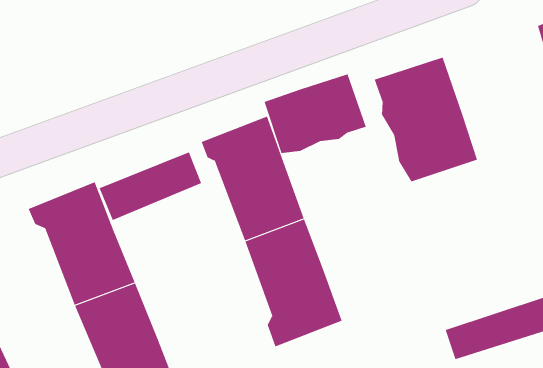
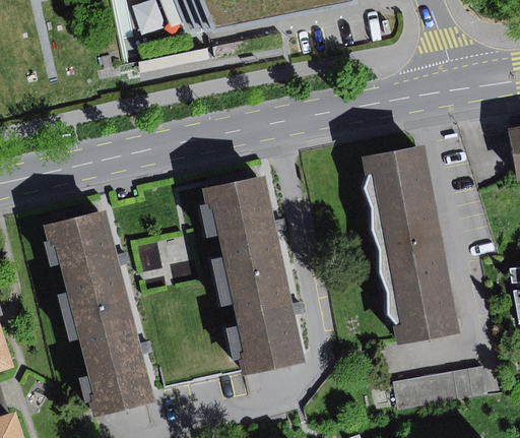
building: [264,73,366,154] -> none
building: [99,151,202,221] -> none
building: none -> [378,238,458,345]

